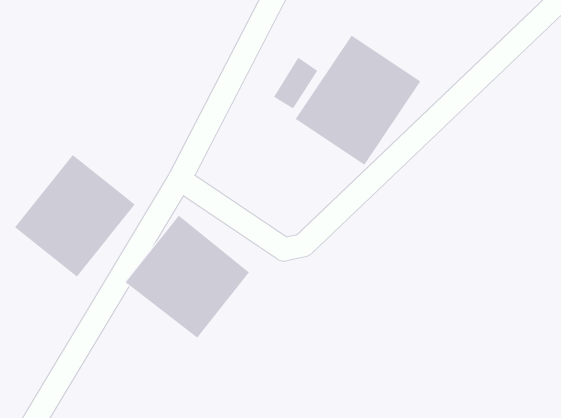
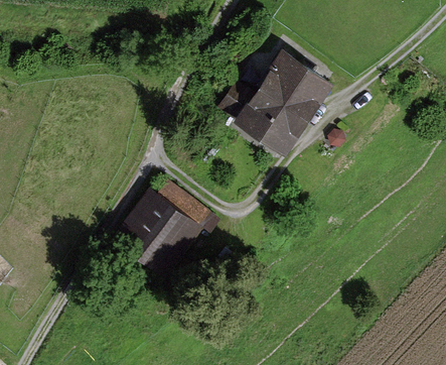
building: [14,154,135,277] -> none

